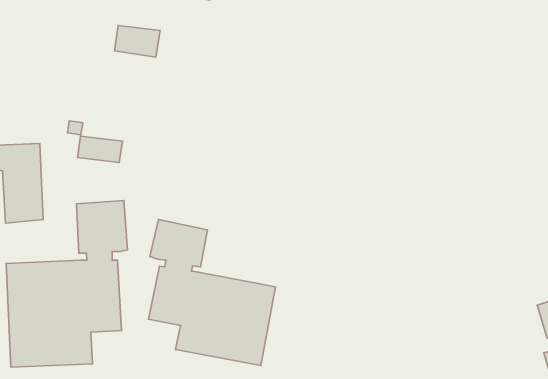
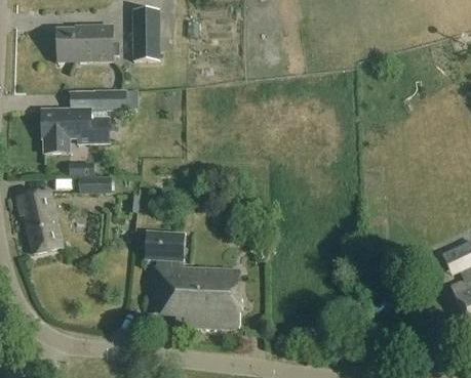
building: none -> [40,108,109,154]
building: [6,200,127,367] -> none

